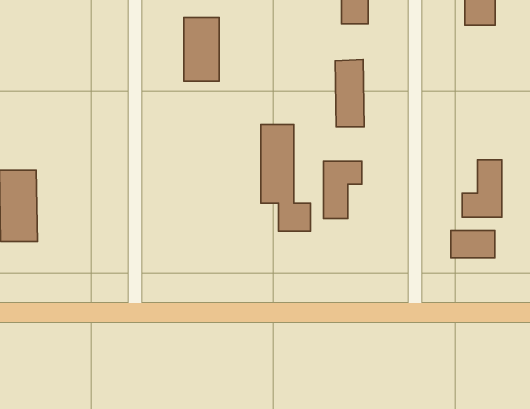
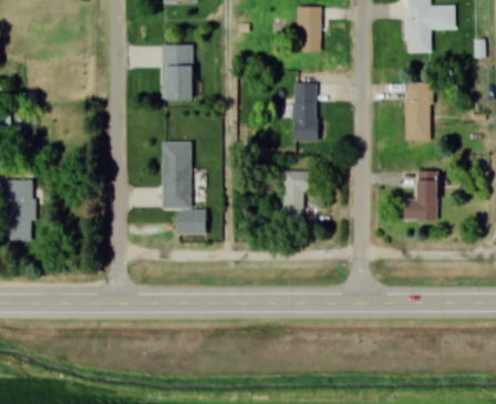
building: none -> [405,82,431,141]
building: [261,124,310,231] -> [162,141,205,234]
building: [451,231,495,258] -> none

